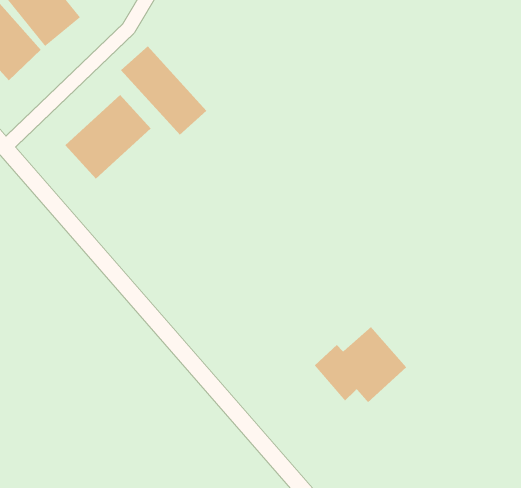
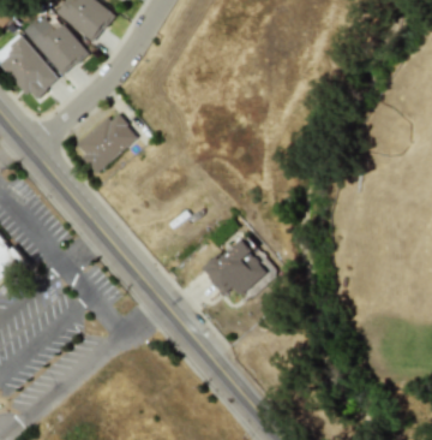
building: [120,46,207,136] -> none
building: [314,326,407,403] -> [200,239,269,296]

